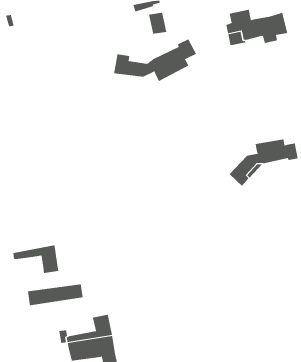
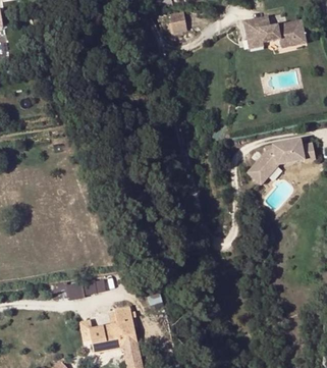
building: [114,38,197,82] -> none
building: [13,244,59,274] -> none

